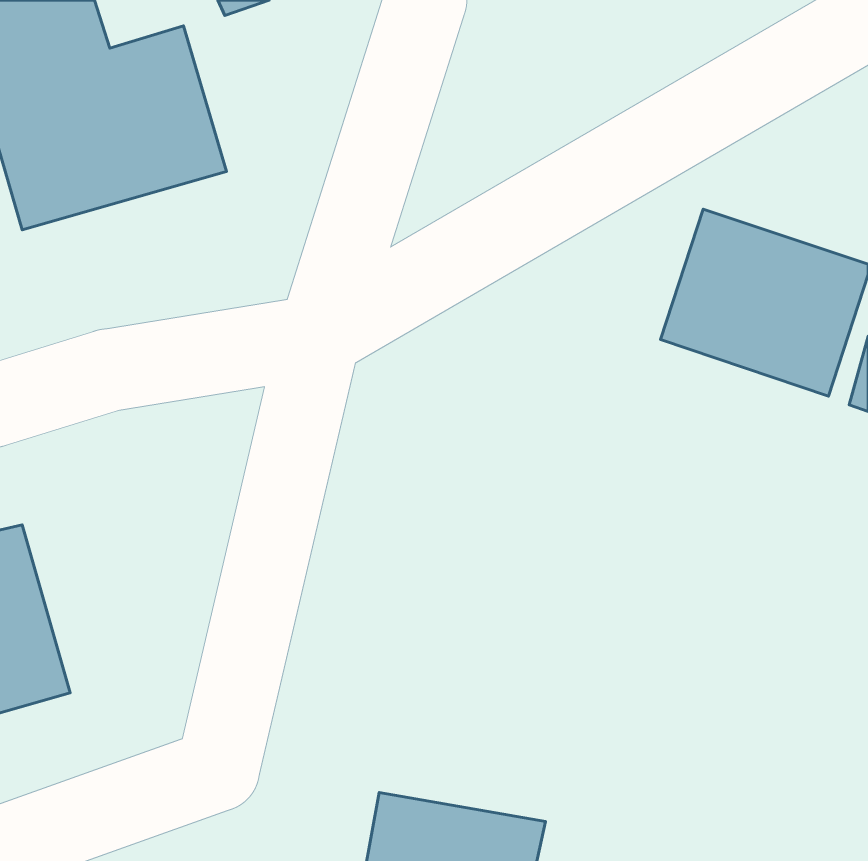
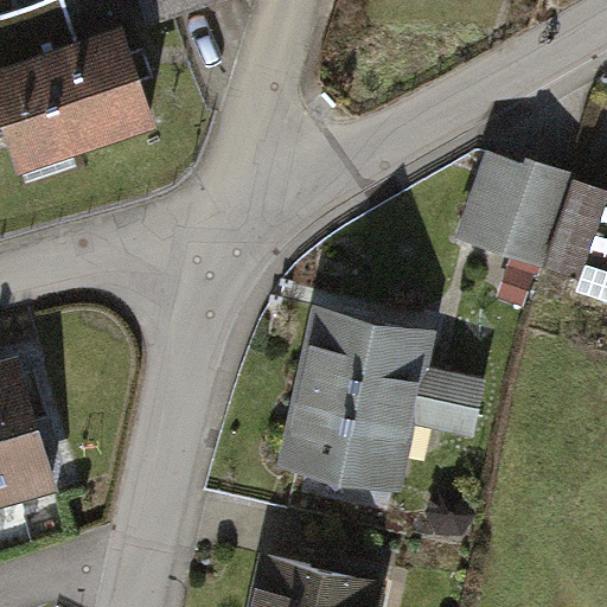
building: none -> [283,305,481,487]

